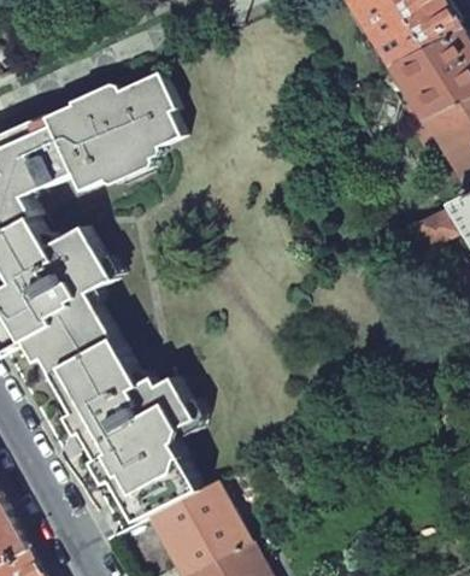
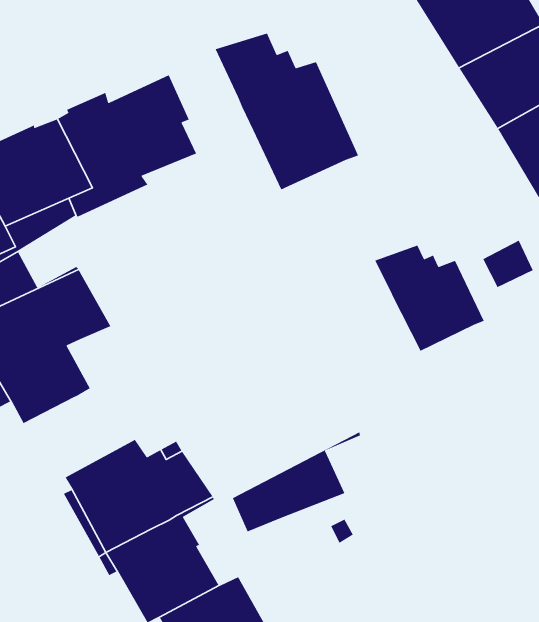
building: none -> [215,33,359,190]
building: none -> [374,245,485,352]
building: [36,278,128,401] -> none
building: none -> [232,431,361,532]

